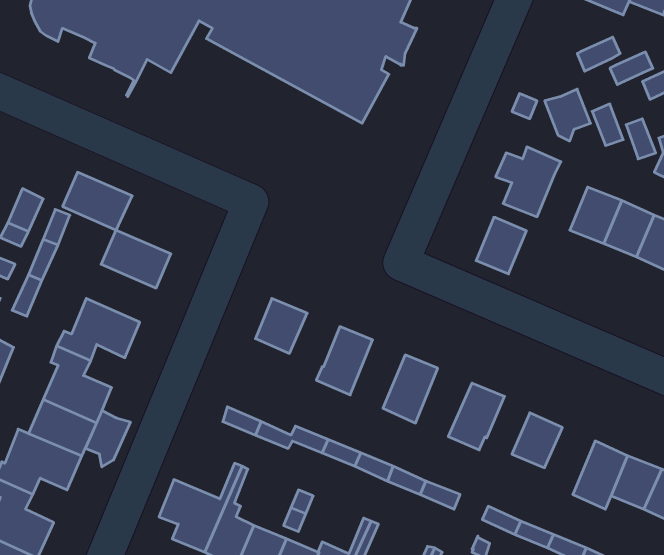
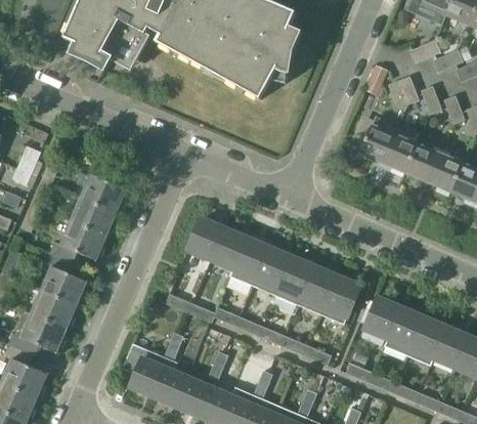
building: [63,172,132,230] -> [72,196,120,236]
building: [476,217,526,274] -> [383,133,418,172]
building: none -> [212,229,247,266]
building: none -> [254,248,292,295]
building: none -> [299,267,338,314]
building: [85,410,130,467] -> none
building: none -> [385,308,423,354]

